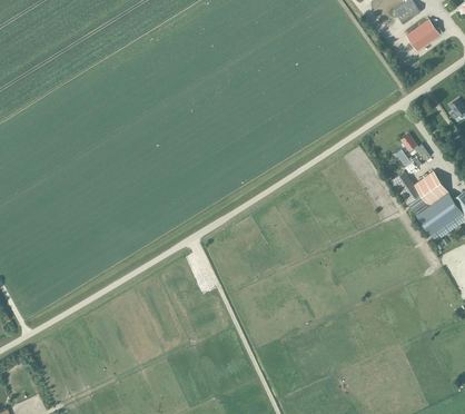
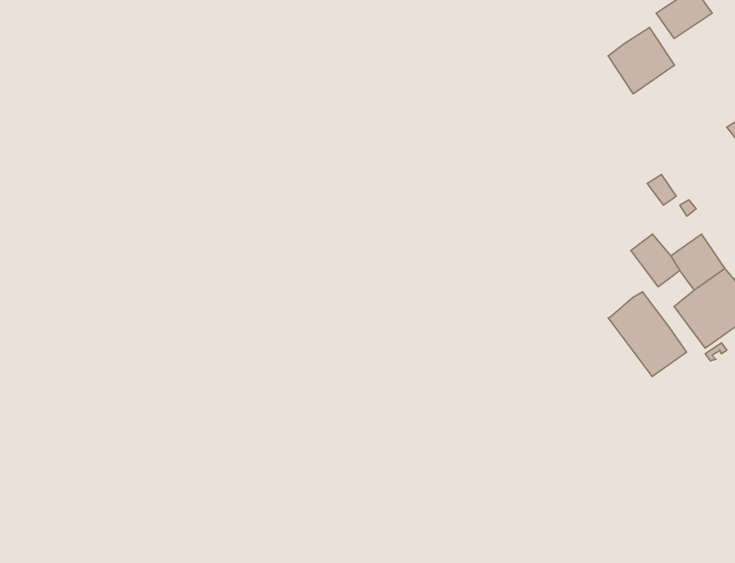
building: none -> [608,28,675,94]
building: none -> [608,292,686,377]

